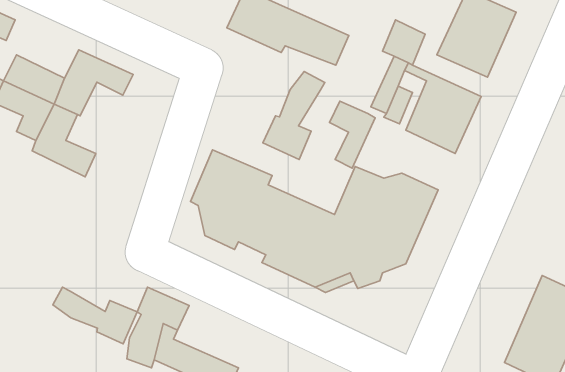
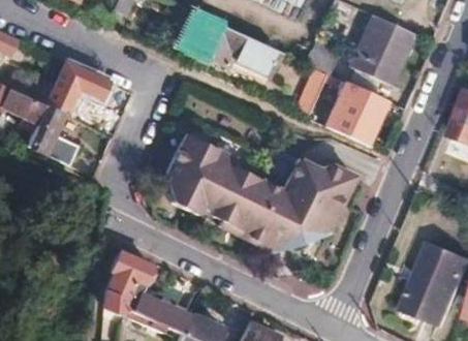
building: [263,71,325,159] -> none
building: [329,101,375,168] -> none
building: [53,287,137,344] -> none

